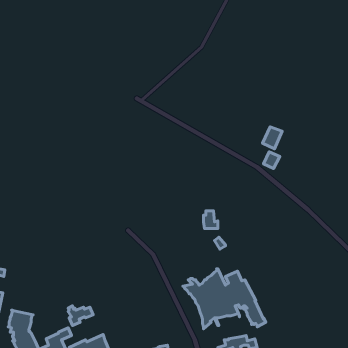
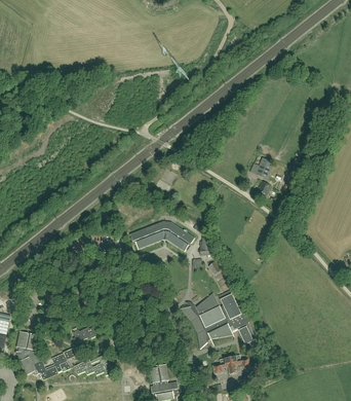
building: none -> [129,222,194,251]

